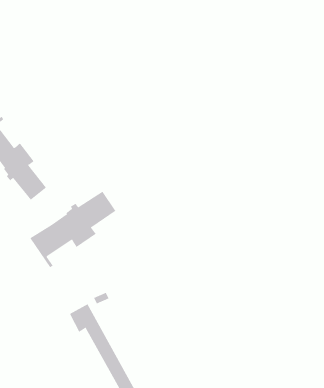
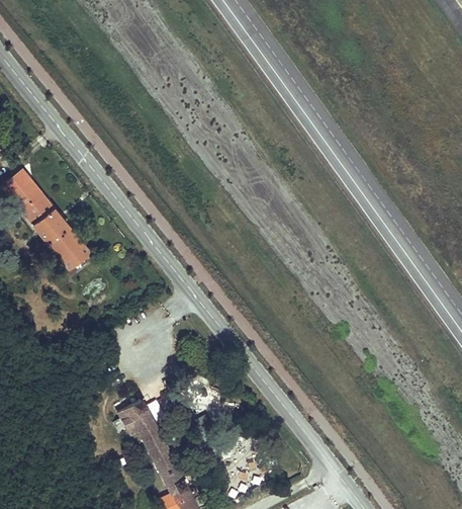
building: [30,191,116,268] -> none

